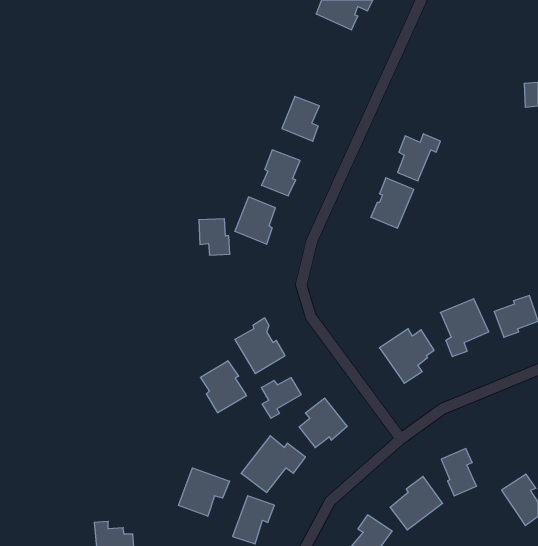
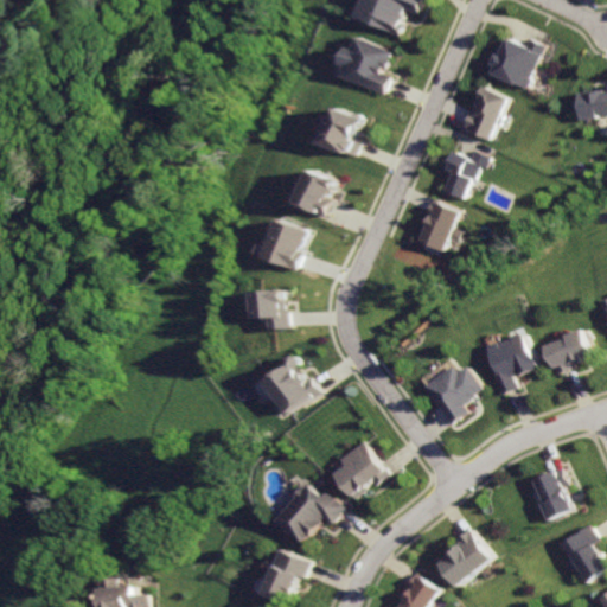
building: none -> [331,36,383,92]
building: none -> [486,38,541,88]
building: none -> [459,85,507,141]
building: [199,219,230,255] -> [255,290,289,331]
building: [200,361,246,413] -> none
building: [261,378,301,418] -> none
building: [441,449,477,496] -> [531,468,570,520]
building: [179,468,230,516] -> none

